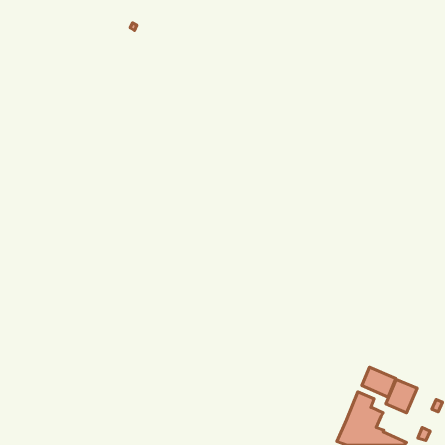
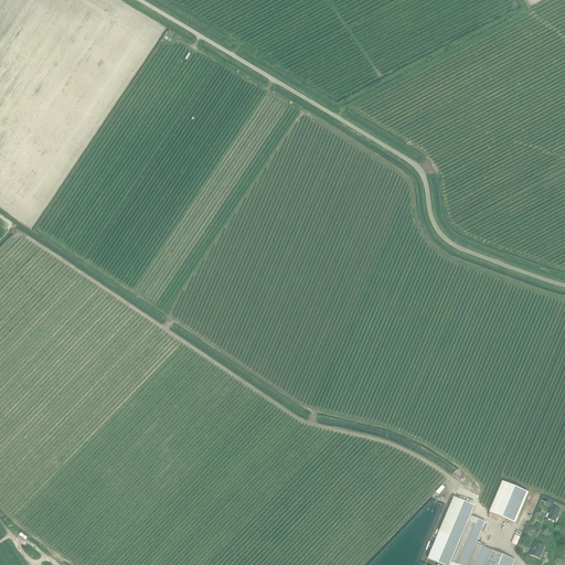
building: [362,367,396,397] -> none

